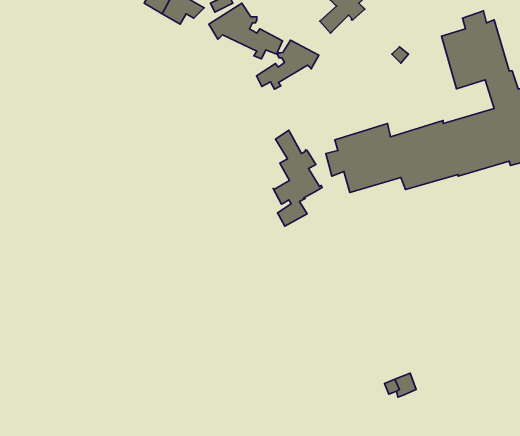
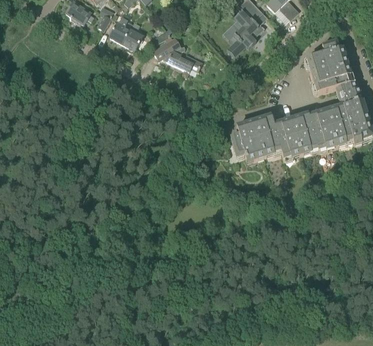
building: [256,40,319,89] -> none
building: [273,130,322,226] -> none

